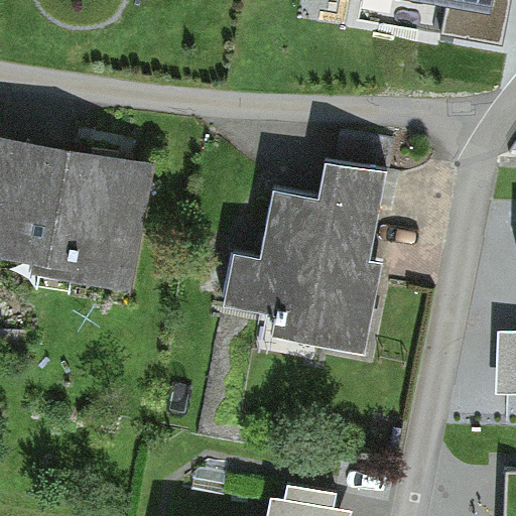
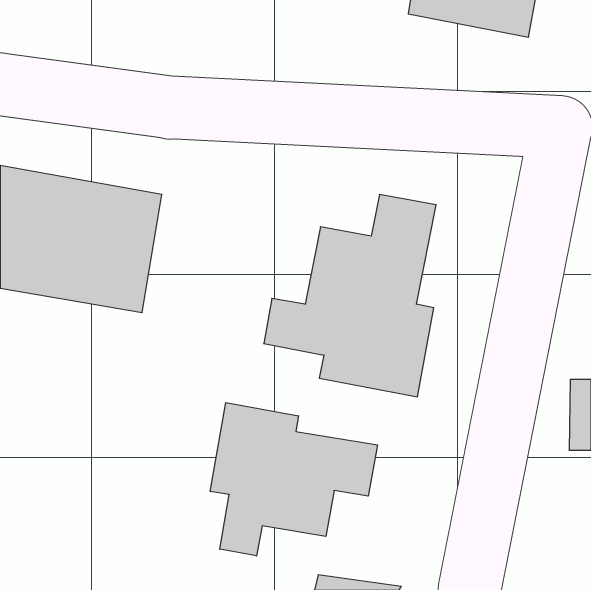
building: none -> [210,403,377,556]

